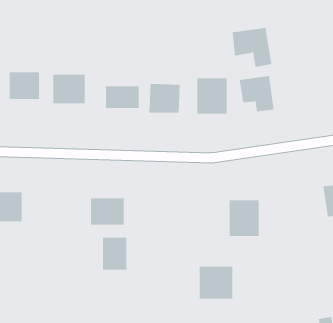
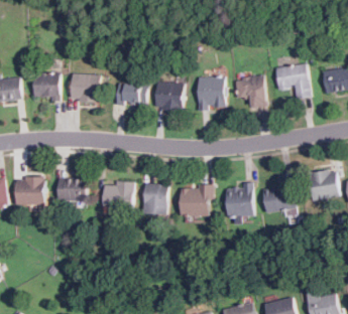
building: [232,28,272,68] -> [275,64,311,100]
building: none -> [263,176,296,212]
building: none -> [59,178,87,201]
building: [102,237,127,270] -> [144,184,166,213]
building: [199,266,233,299] -> [181,186,211,215]

